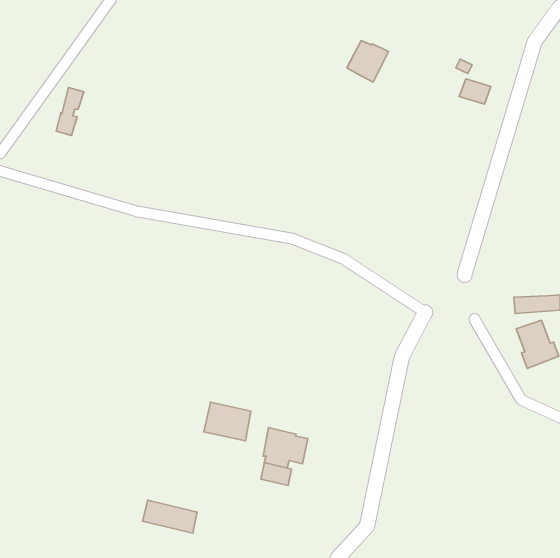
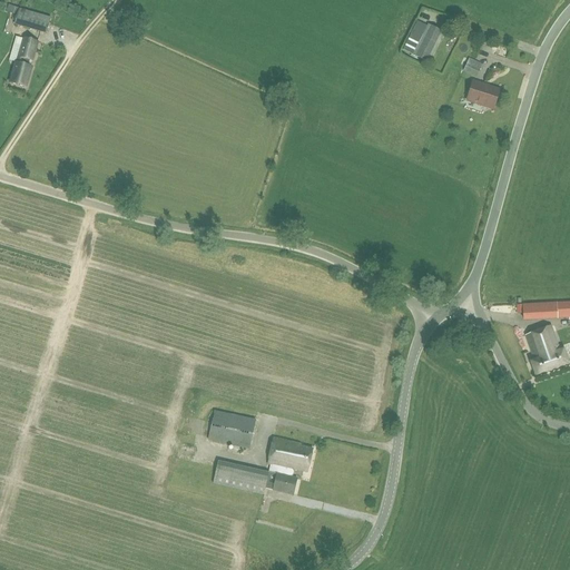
building: none -> [13,7,50,31]
building: [347,41,389,82] -> [402,19,444,61]
building: [56,87,84,136] -> [10,36,38,85]
building: [142,500,197,533] -> [213,459,268,492]

